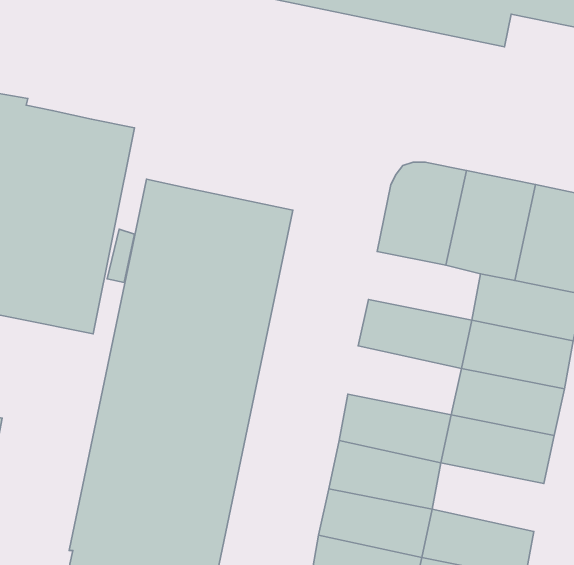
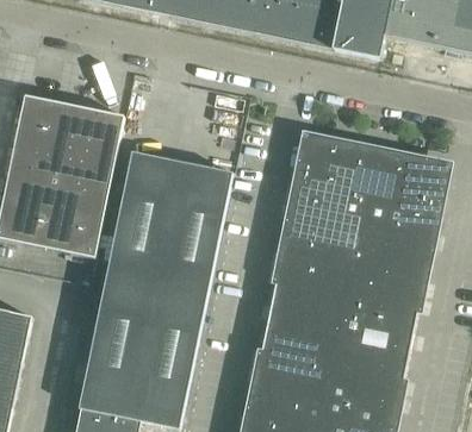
building: none -> [285,200,362,248]
building: none -> [271,265,349,313]
building: none -> [329,346,406,394]

